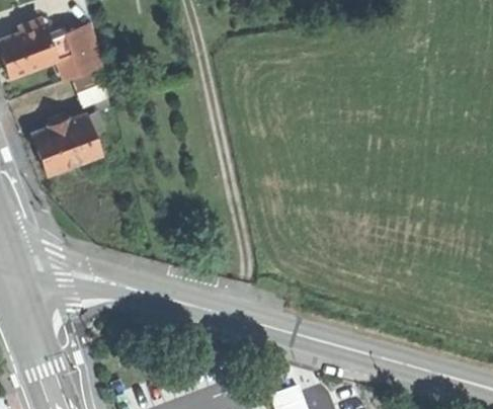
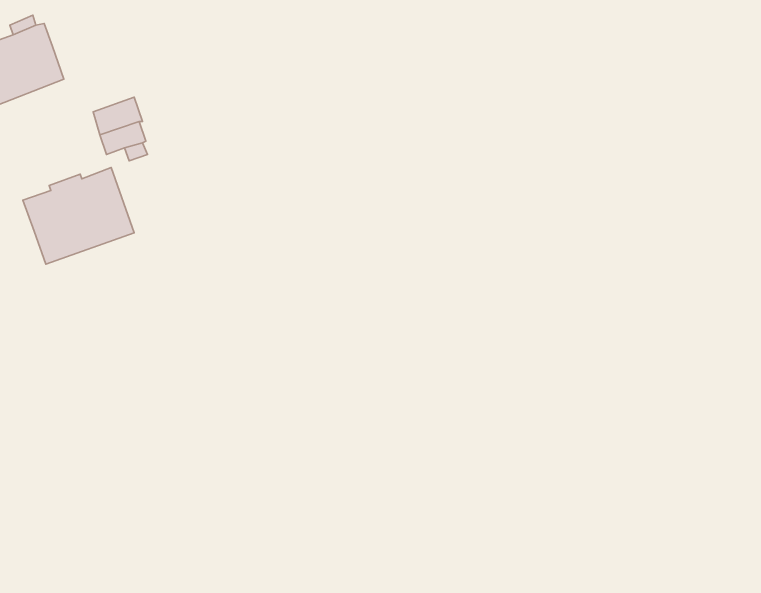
building: [49,22,103,81] -> none

